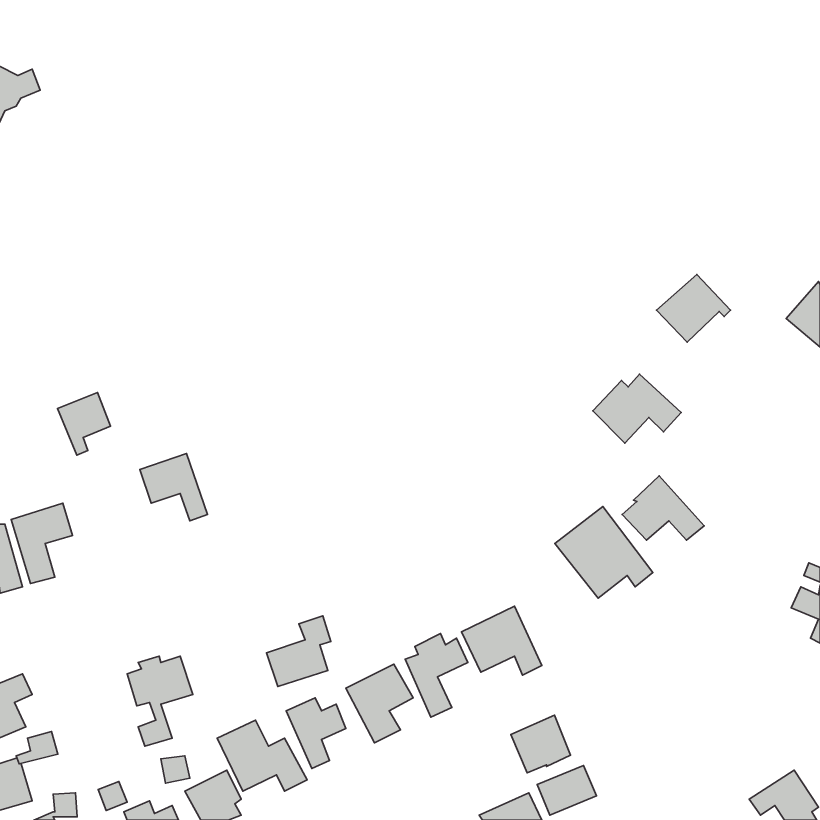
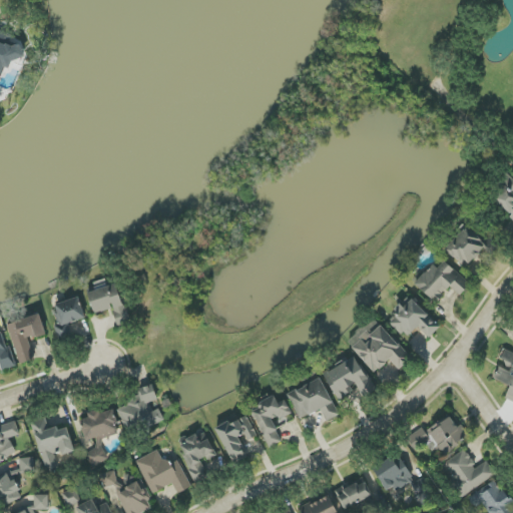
building: [656,275,730,342] -> [445,225,491,268]
building: [593,374,681,443] -> [415,260,470,303]
building: [57,393,110,455] -> [52,296,85,335]
building: none -> [324,355,375,398]
building: [267,616,331,687] -> [117,384,157,428]
building: none -> [409,414,467,452]
building: none -> [31,418,74,470]
building: [511,715,570,773] -> [374,454,411,490]
building: none -> [441,449,494,496]

